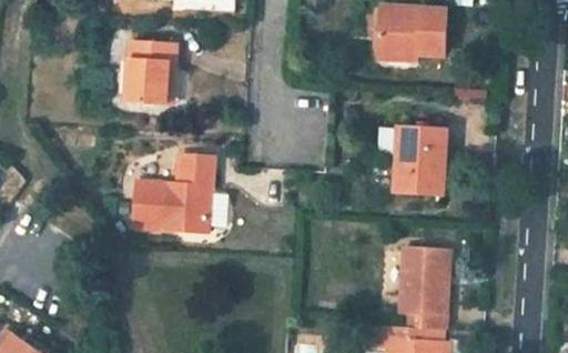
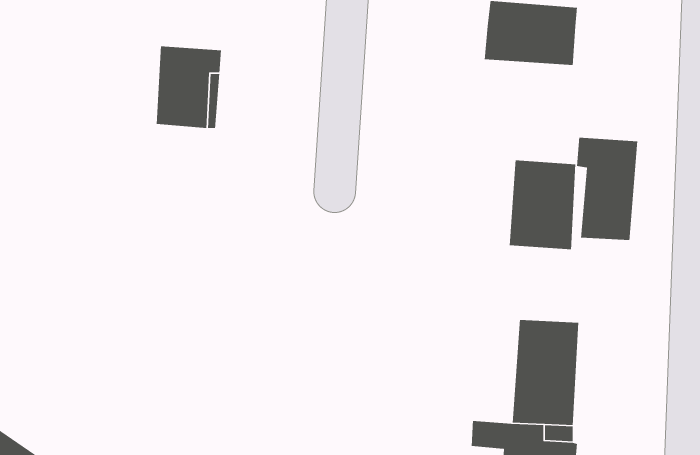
building: none -> [576,137,638,241]
building: [134,155,213,231] -> none

